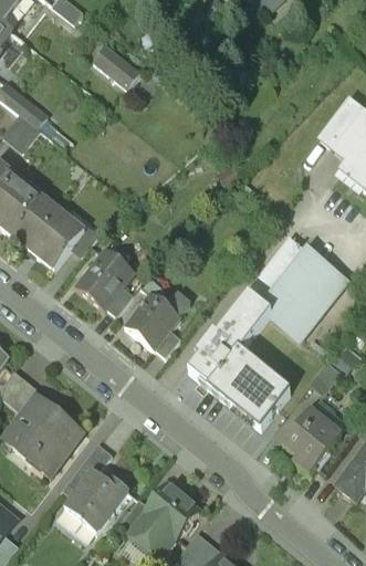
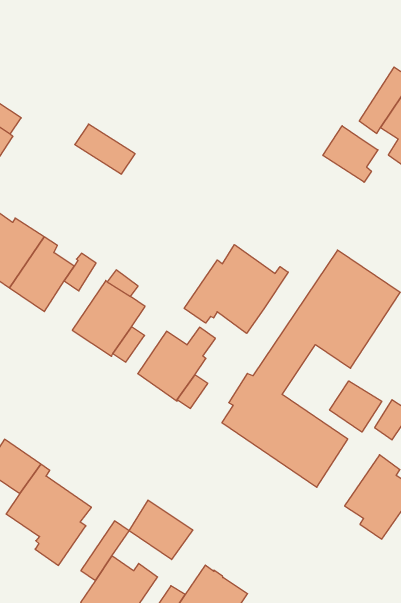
building: [92,44,139,86] -> [75,124,135,174]
building: none -> [323,126,378,182]
building: none -> [184,245,288,333]
building: none -> [330,381,382,432]
building: none -> [129,500,193,560]

